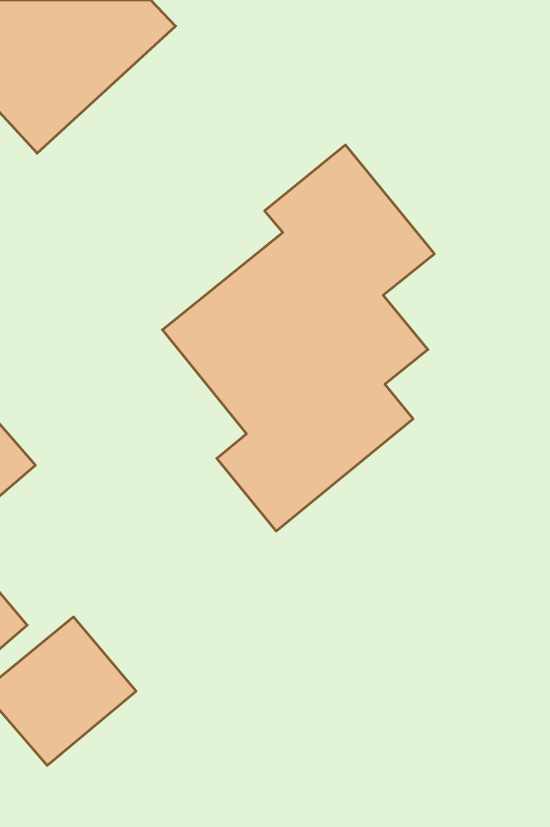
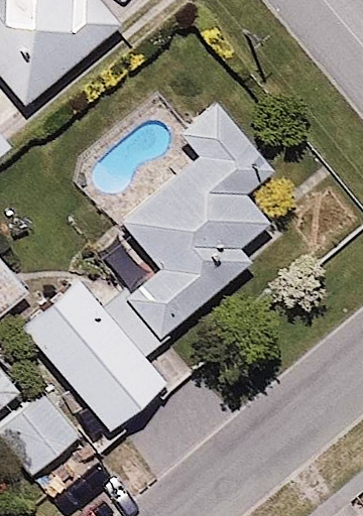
building: none -> [19,273,171,435]

